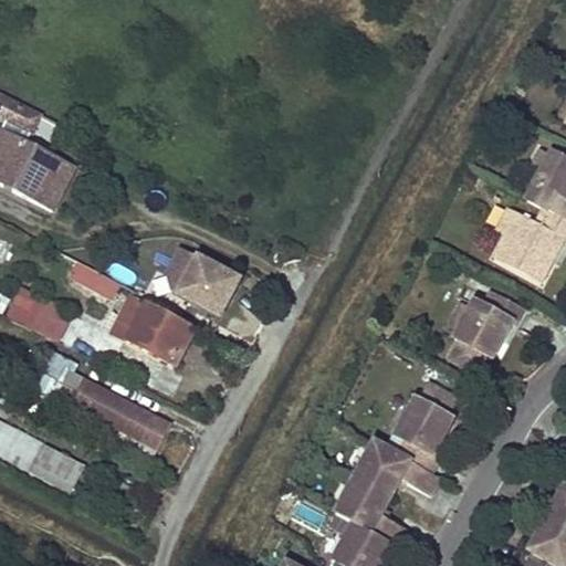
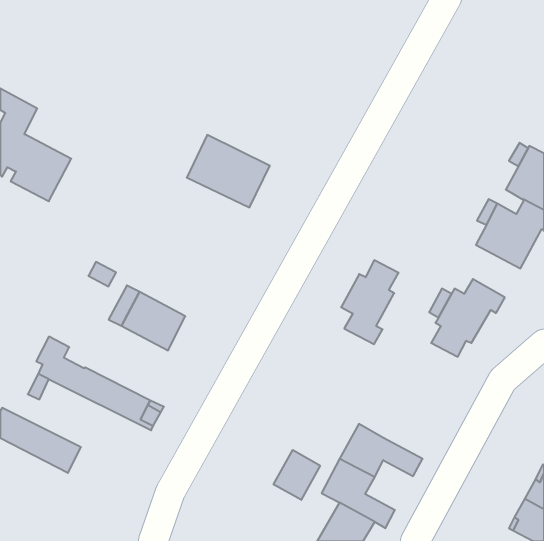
building: [156,245,242,321] -> [187,135,270,207]
building: [7,294,72,339] -> none
building: [395,384,454,471] -> [341,260,399,344]
building: none -> [274,450,320,500]

